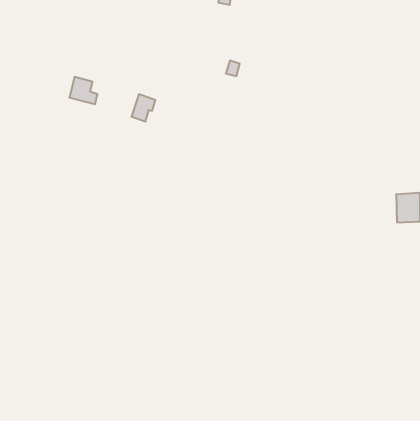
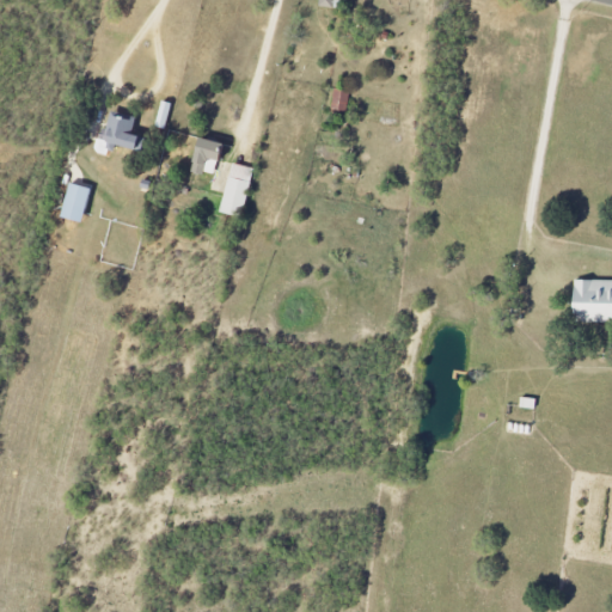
building: none -> [218,163,253,216]
building: none -> [60,182,90,221]

